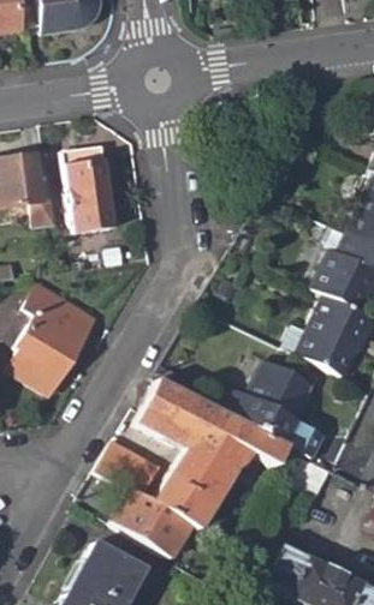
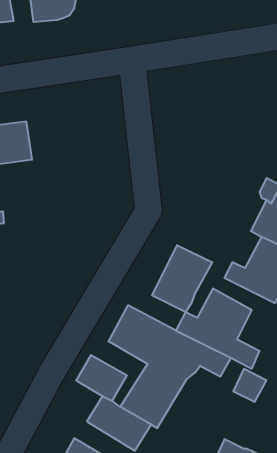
building: [64,144,115,232] -> none
building: [7,286,95,394] -> none
building: none -> [152,245,212,312]

